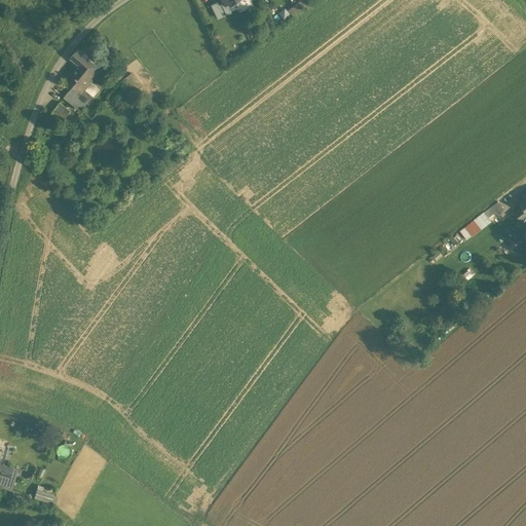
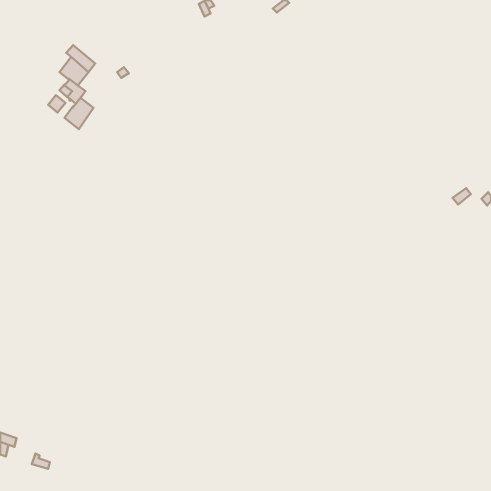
building: none -> [64,98,94,129]

